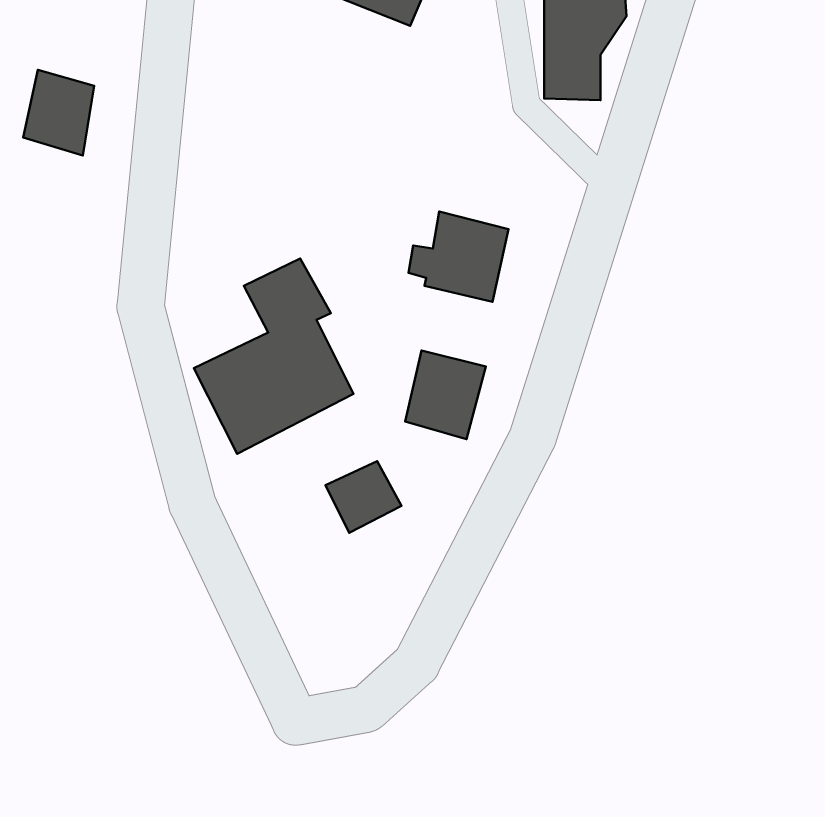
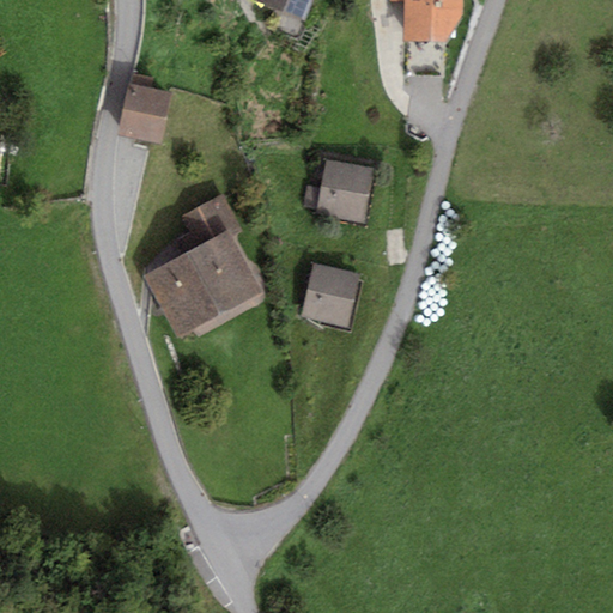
building: [23,70,94,155] -> [119,81,171,145]
building: [326,461,401,533] -> none

